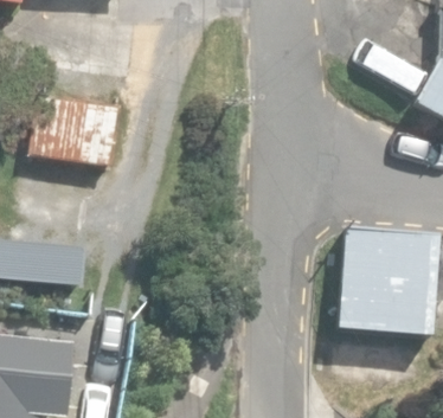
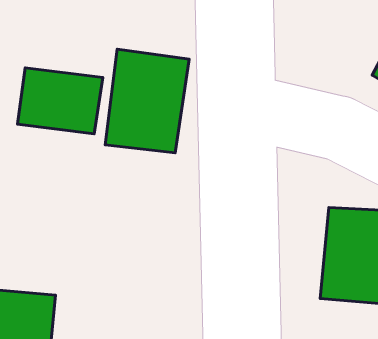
building: none -> [105,49,189,153]

